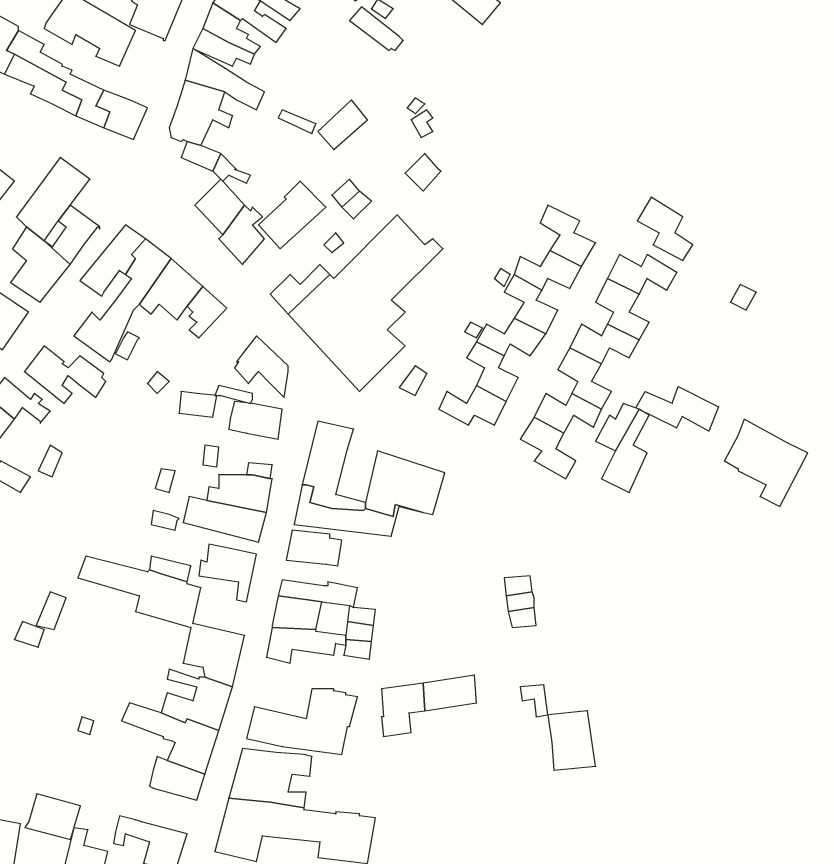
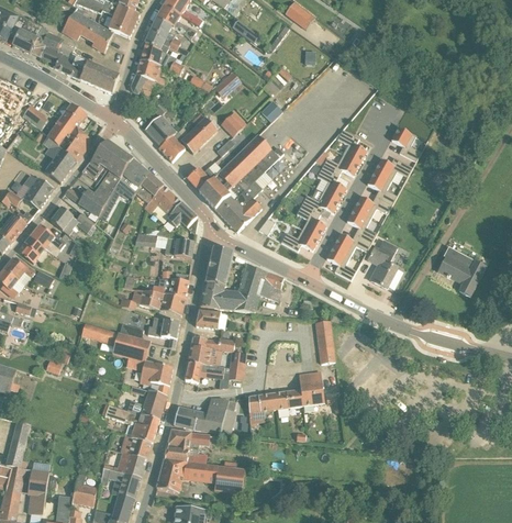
building: none -> [143,186,179,215]
building: [636,387,719,431] -> none
building: [548,711,596,770] -> [298,371,324,404]
building: [25,794,80,839] -> [115,452,146,477]

